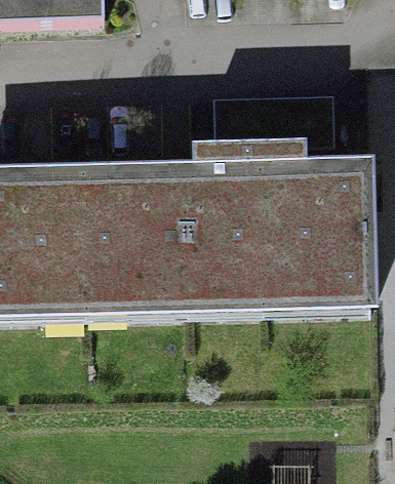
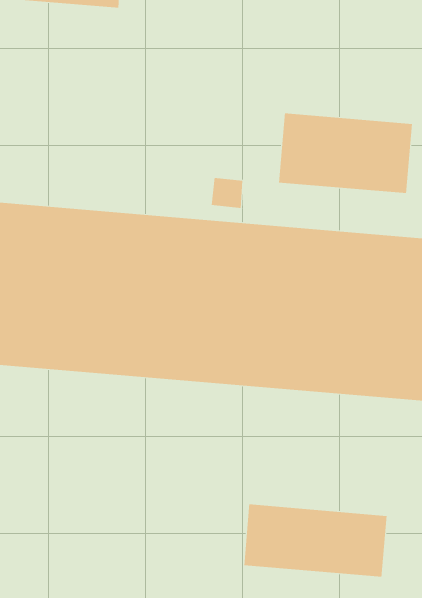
building: none -> [244,504,387,578]

